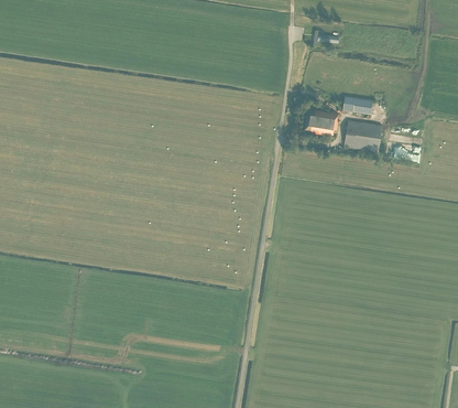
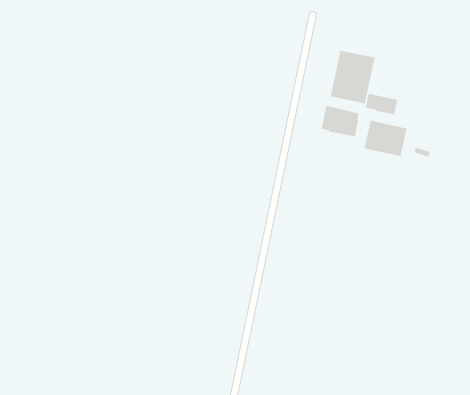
building: none -> [330,50,375,104]

